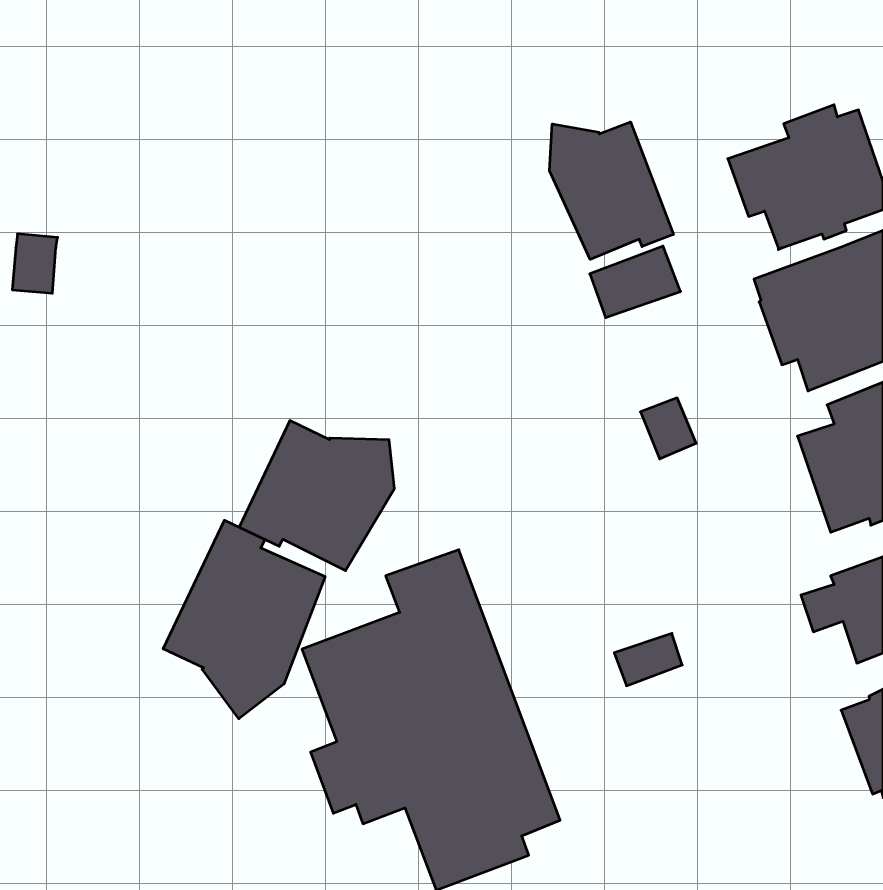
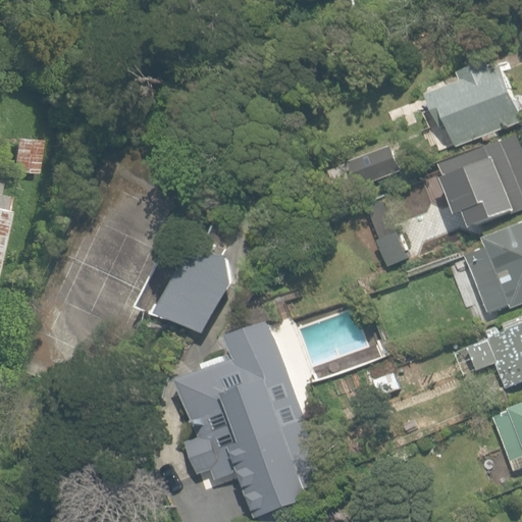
building: [549,122,673,259] -> none
building: [163,520,325,719] -> none

